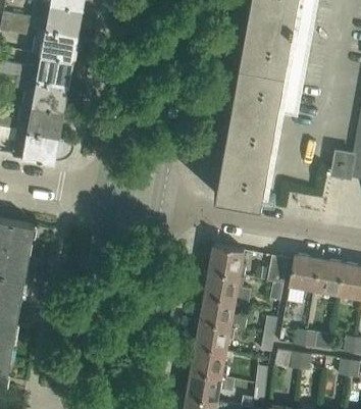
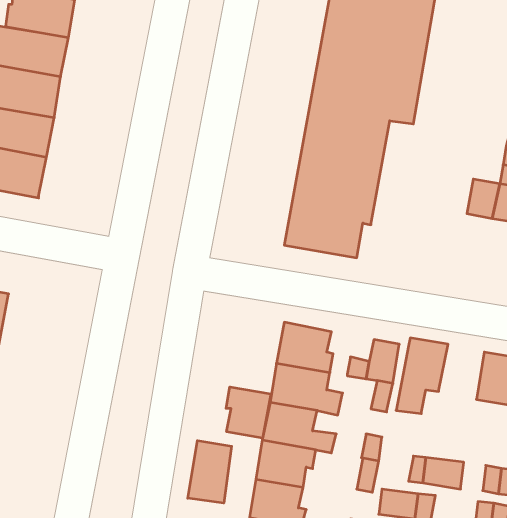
building: [314,258,344,294] -> none
building: none -> [226,387,271,438]
building: none -> [188,441,232,503]

